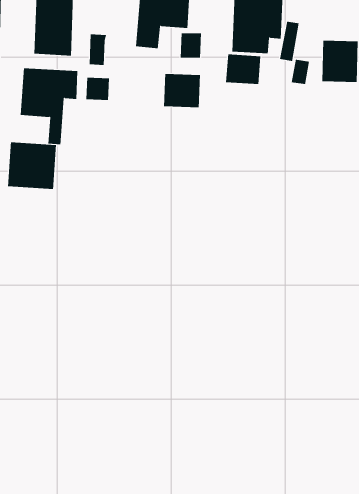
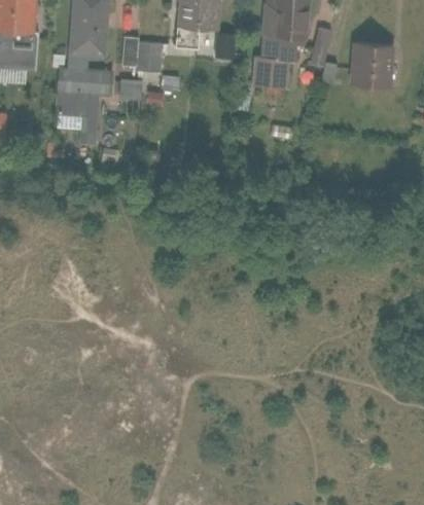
building: none -> [139,43,165,73]
building: [163,73,201,108] -> none
building: [8,141,56,190] -> none

